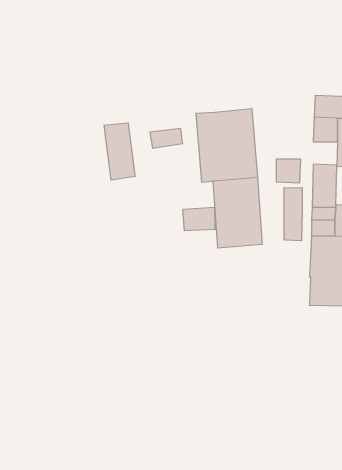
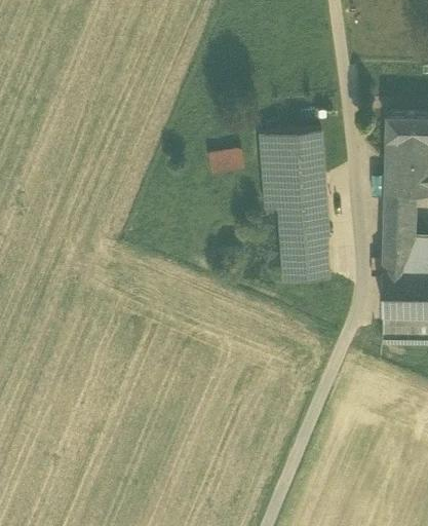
building: [104,123,135,180] -> none
building: [276,159,301,183] -> [386,160,413,186]
building: [284,188,302,241] -> none
building: [183,207,215,231] -> none

